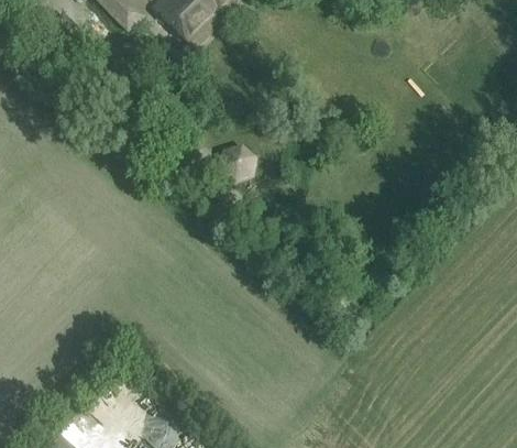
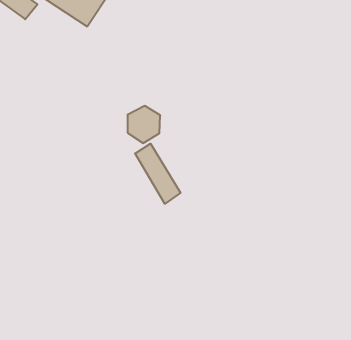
building: none -> [135,144,180,204]

